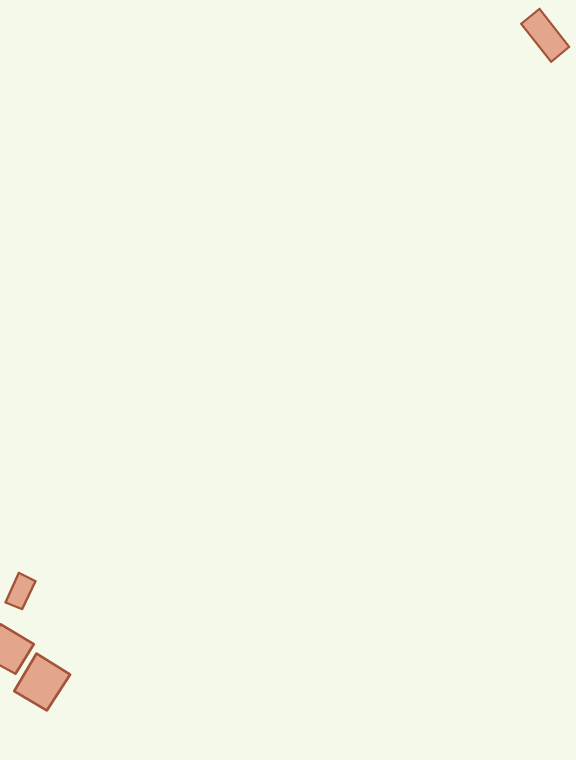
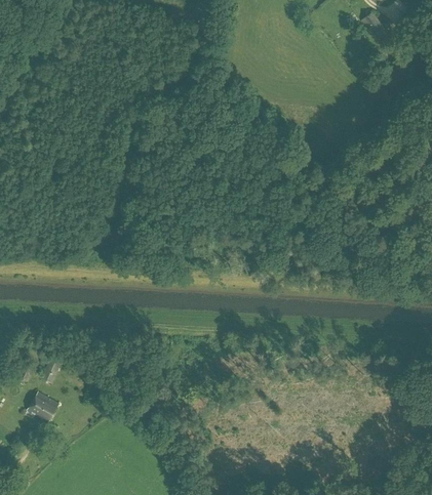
building: [14,654,70,710] -> none

